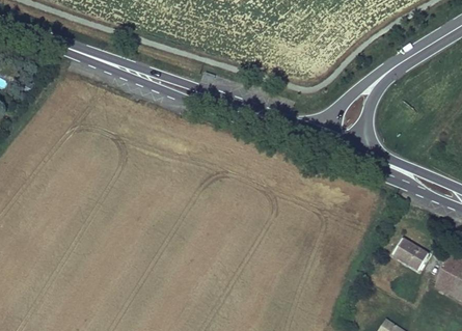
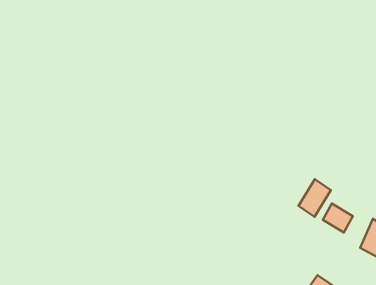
building: none -> [299,179,331,217]

